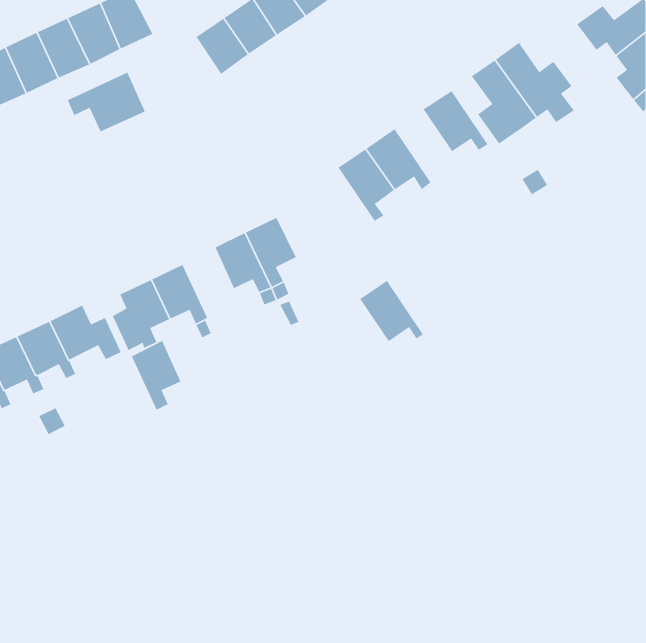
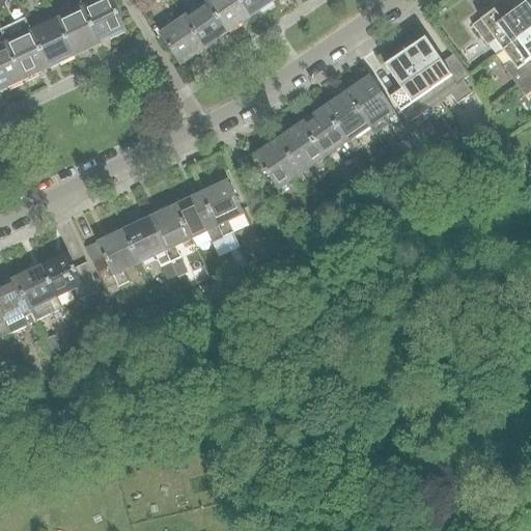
building: [67,72,146,133] -> none
building: none -> [323,89,369,149]
building: [359,280,424,342] -> [253,137,306,188]
building: [131,340,181,411] -> [149,202,191,260]

